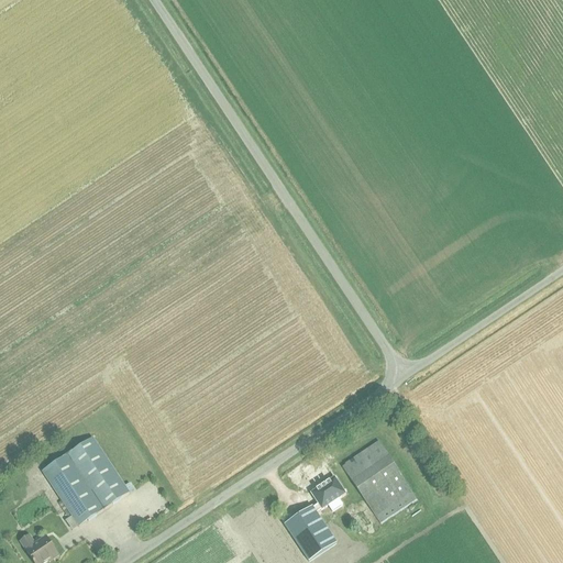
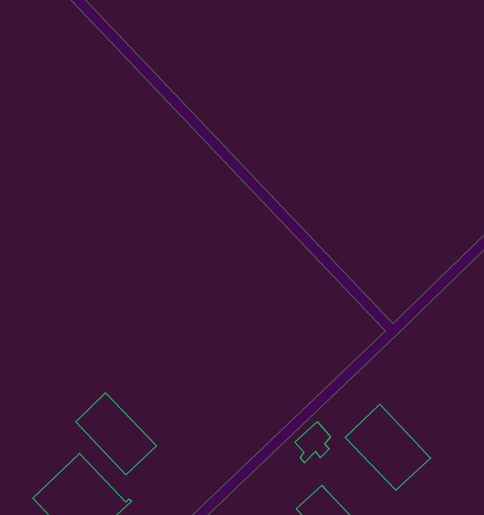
building: none -> [76,393,157,475]
building: [310,474,344,510] -> [295,422,331,463]

